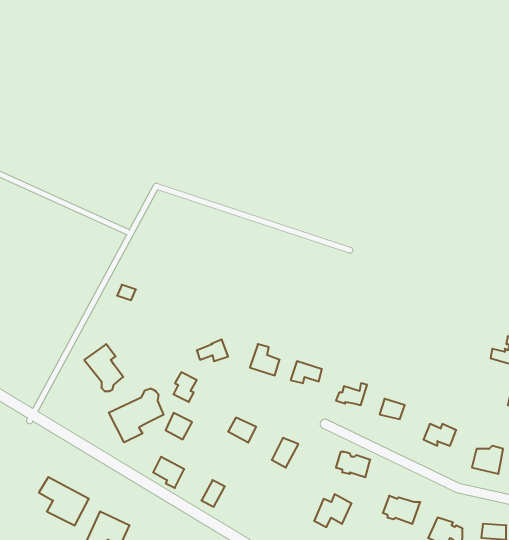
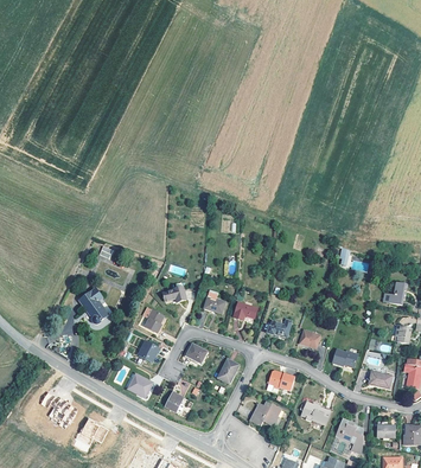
building: [109,388,163,442] -> none

